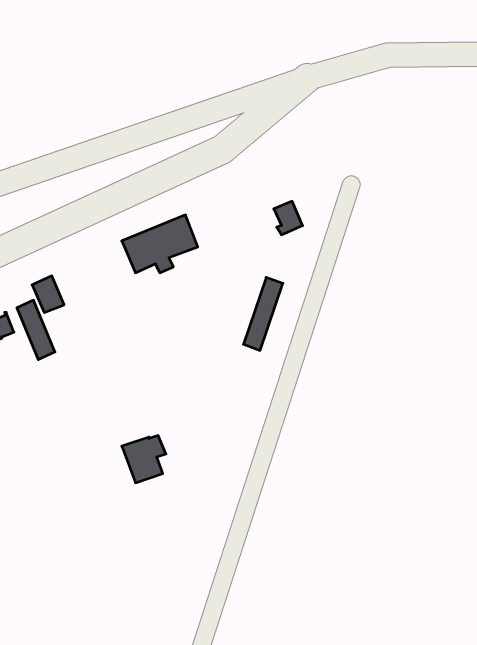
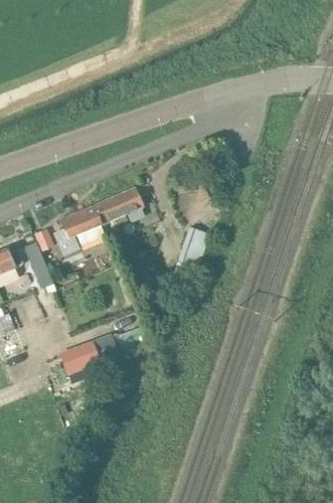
building: none -> [56,203,104,252]
building: none -> [62,342,100,372]

